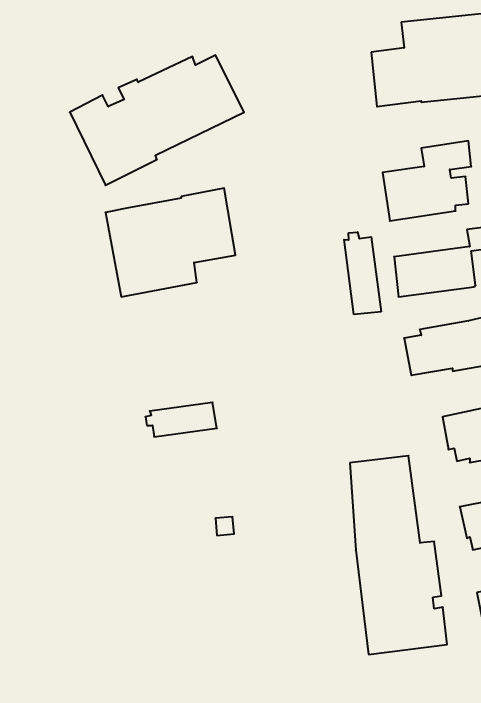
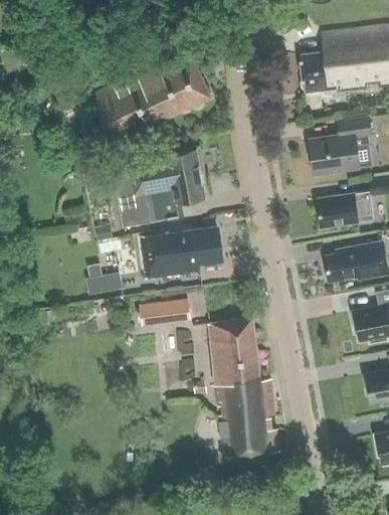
building: [344,232,381,314] -> none
building: none -> [142,226,222,278]
building: none -> [85,272,123,295]
building: [350,456,447,654] -> [211,318,279,458]

